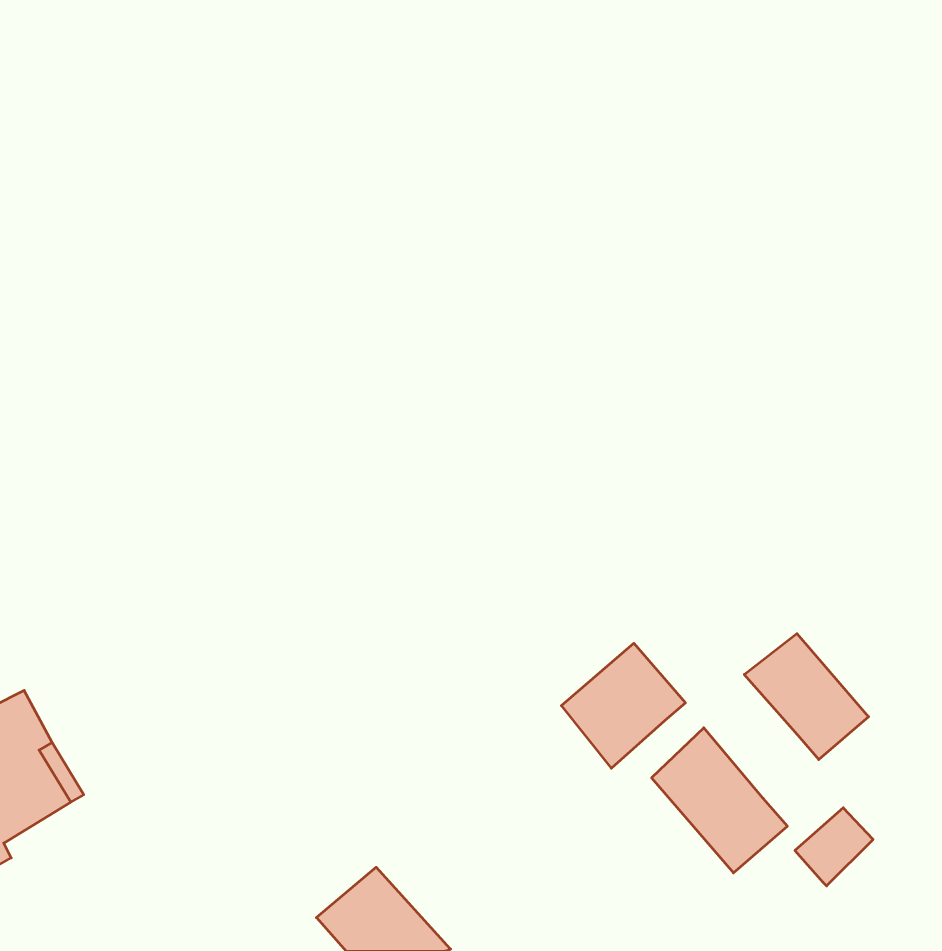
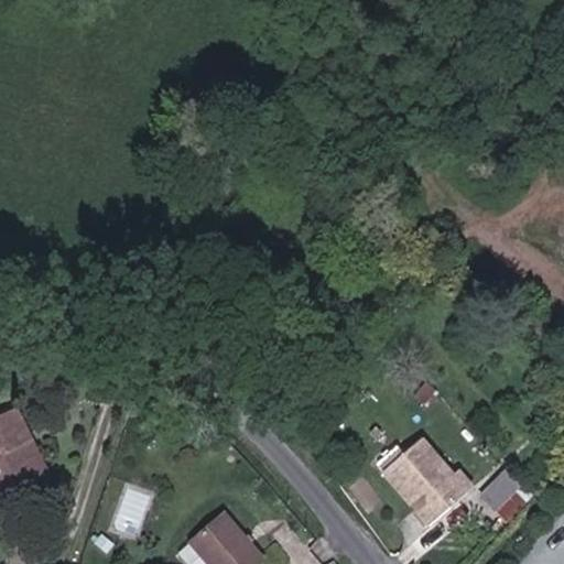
building: [744,634,869,760] -> none
building: [561,643,685,768] -> none

